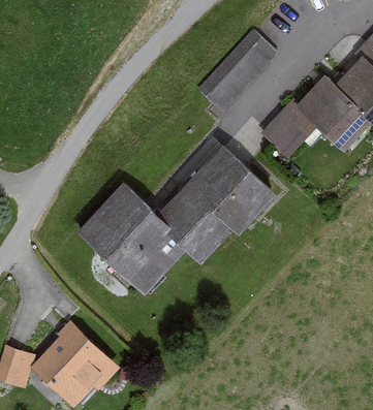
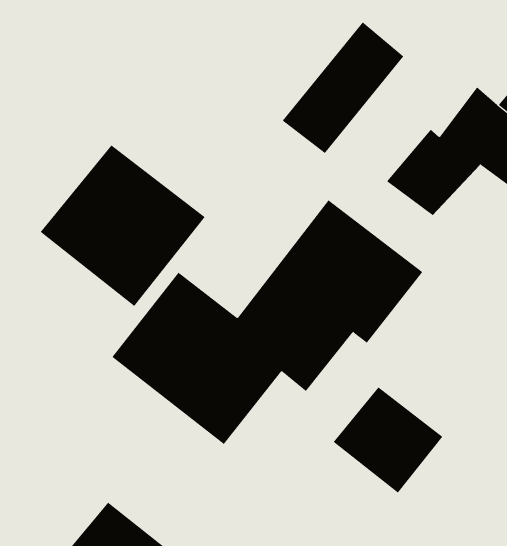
building: none -> [40,144,205,307]
building: none -> [333,386,443,494]

